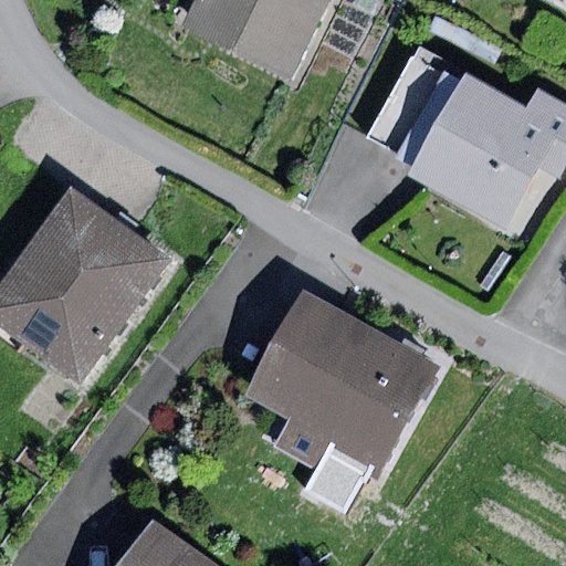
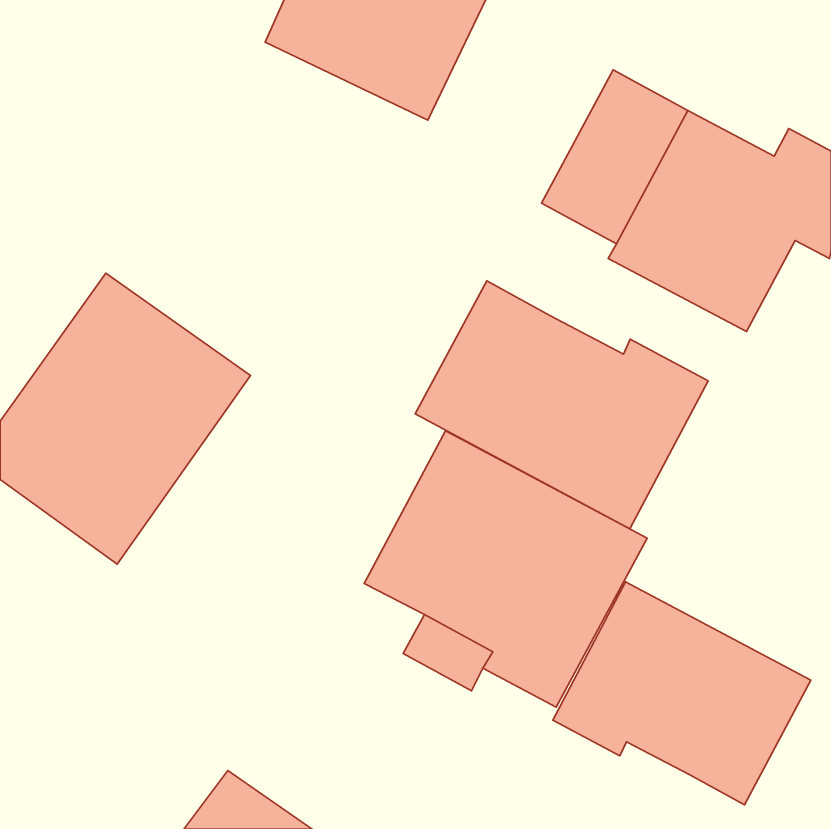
building: none -> [415,281,708,529]
building: none -> [553,582,811,805]

